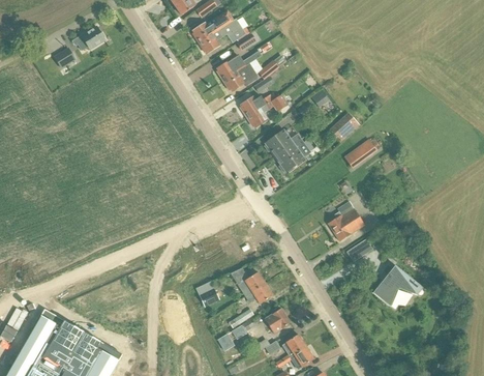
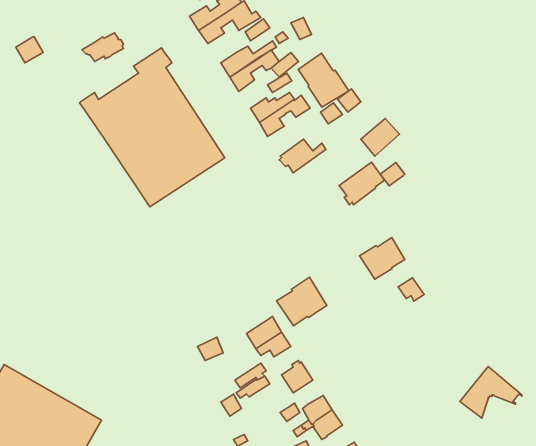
building: [71,27,104,50] -> [82,33,123,61]
building: none -> [79,48,225,207]
building: none -> [298,53,349,107]
building: [275,137,311,171] -> [339,162,384,205]
building: none -> [276,277,327,326]
building: [372,264,422,306] -> [460,366,522,418]

